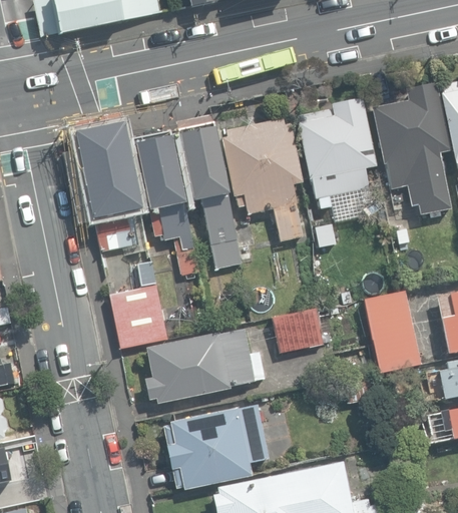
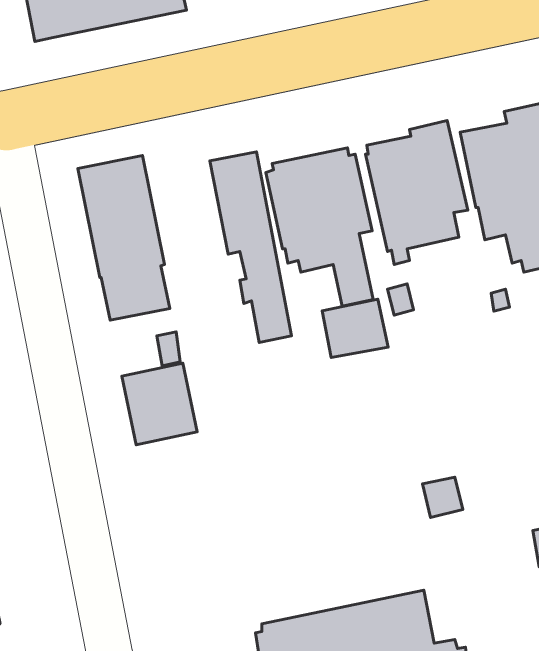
building: [133,128,198,276] -> none
building: [364,291,419,373] -> none
building: [273,309,324,354] -> [322,299,388,358]
building: [144,329,264,404] -> none
building: [163,405,268,489] -> none

